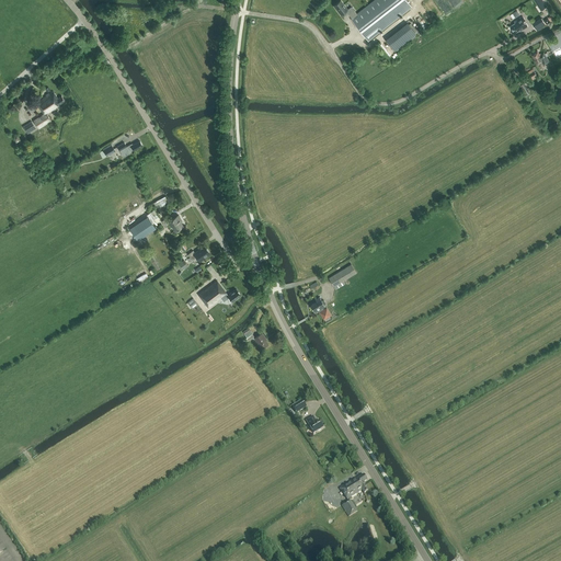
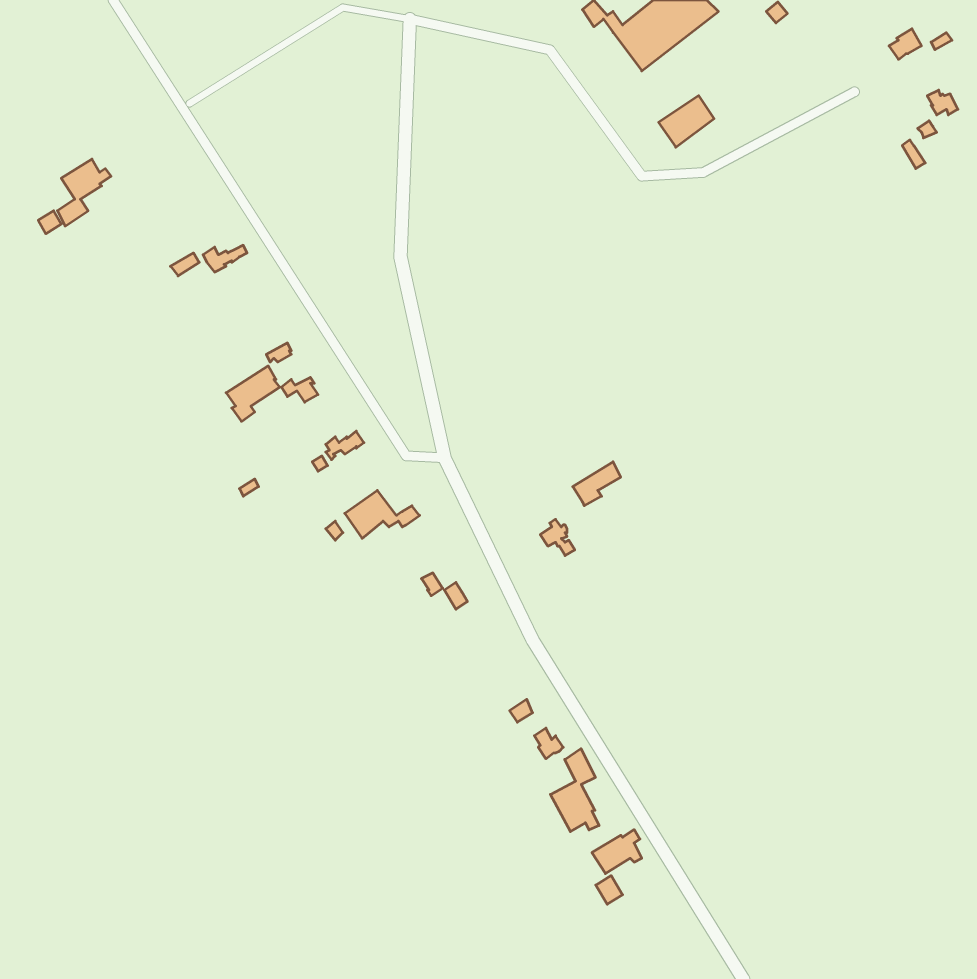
building: [382,22,414,51] -> [659,96,714,147]
building: none -> [550,749,599,832]

